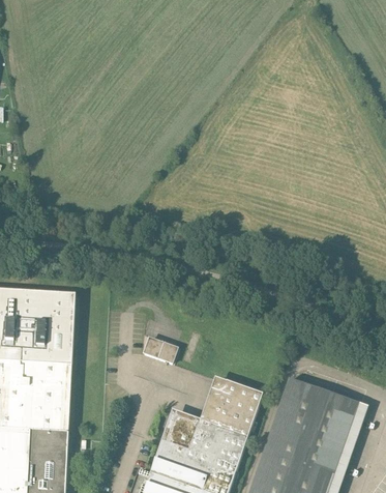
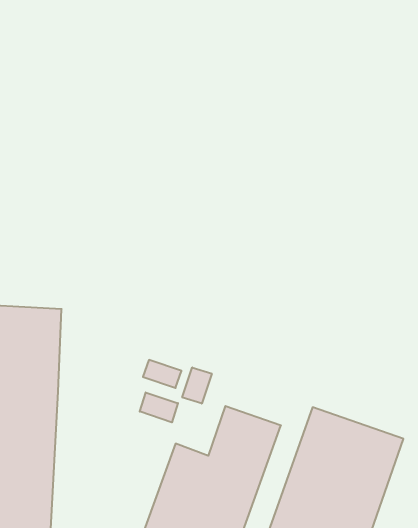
building: none -> [182,367,212,404]
building: none -> [140,392,178,422]

